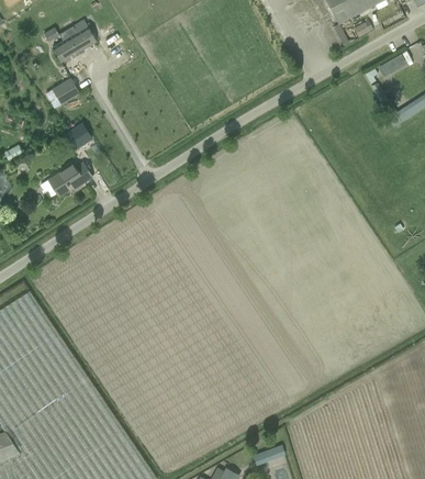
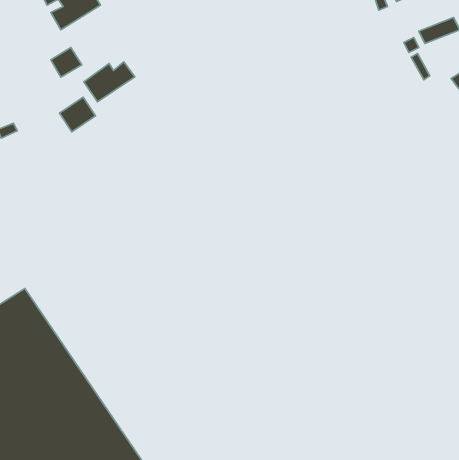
building: none -> [84,62,135,102]
building: [47,164,91,197] -> none

